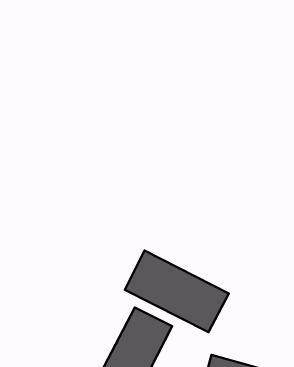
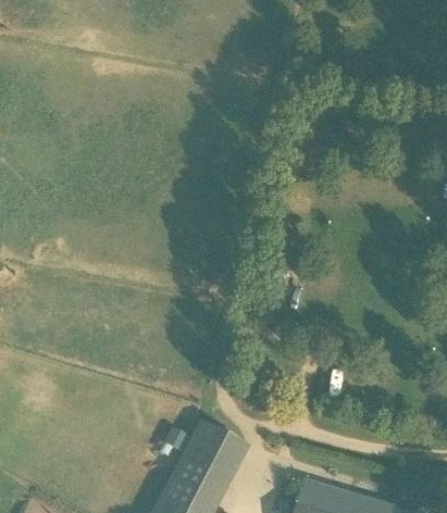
building: [125,251,229,332] -> none

